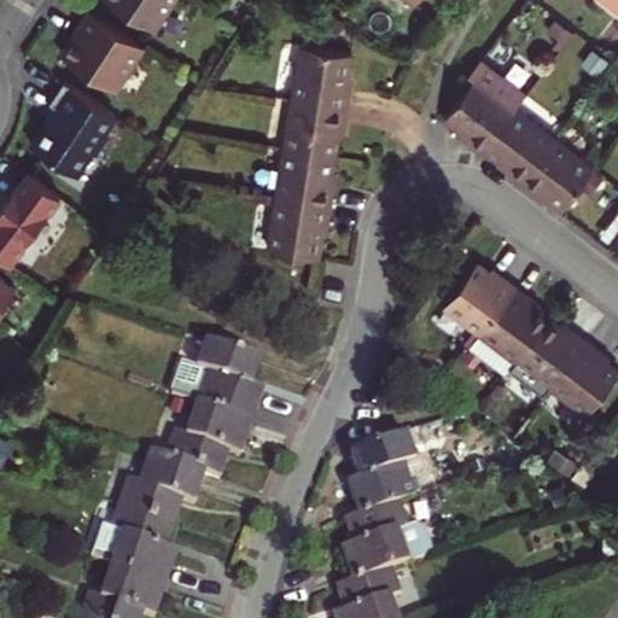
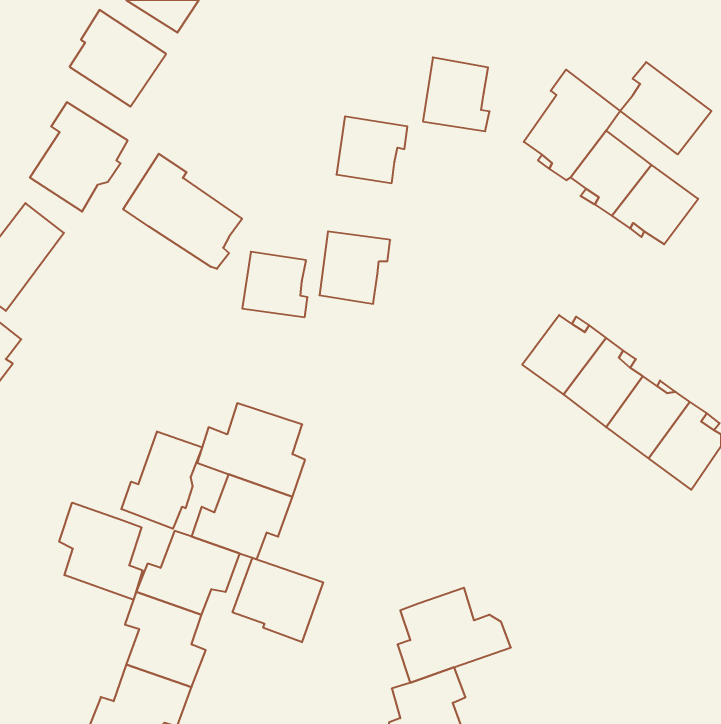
building: [293,46,350,109] -> [423,57,490,131]
building: none -> [620,62,711,154]
building: none -> [123,154,242,269]
building: [279,150,334,205] -> [242,252,308,317]
building: none -> [121,431,202,529]
building: none -> [59,503,143,600]
building: [345,431,433,514] -> none
building: none -> [233,558,323,642]

